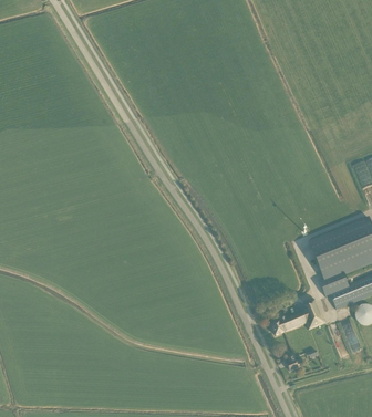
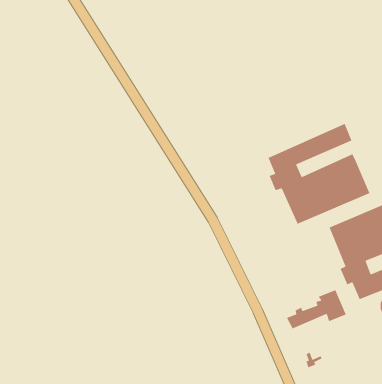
building: none -> [268,123,371,225]

